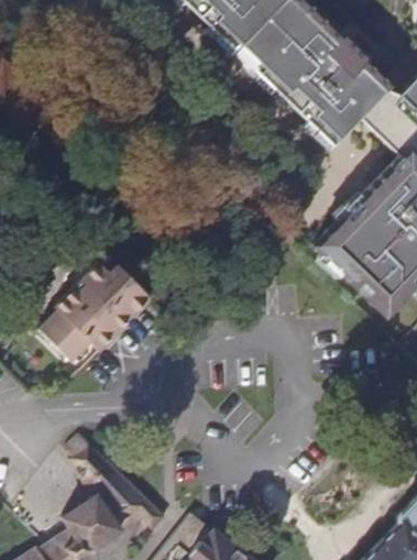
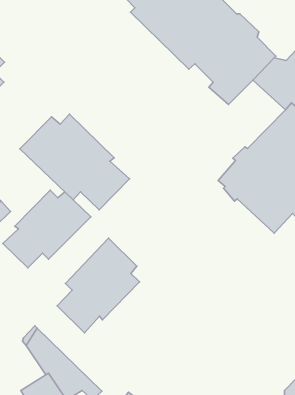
building: none -> [20,114,129,210]
building: none -> [57,238,139,333]

